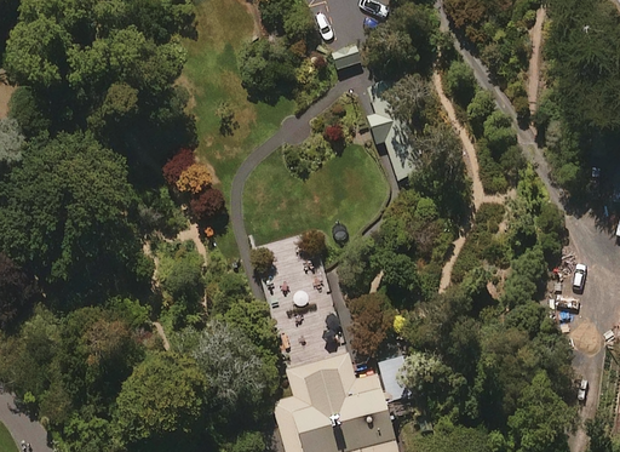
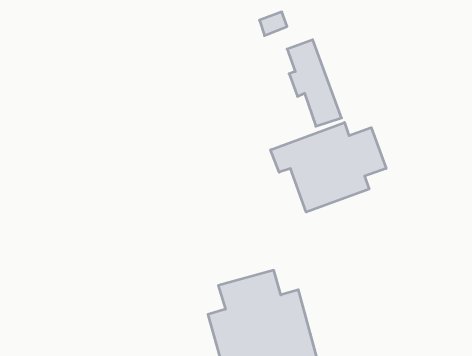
building: none -> [271,122,386,212]

